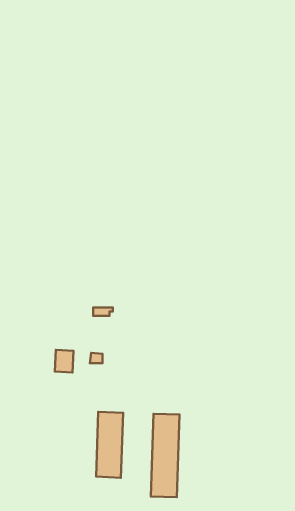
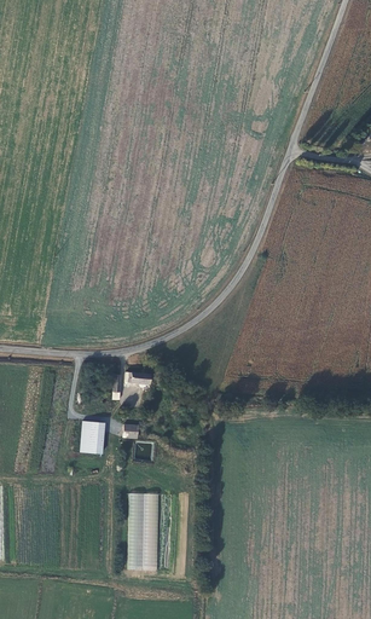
building: [151,414,180,497] -> none

